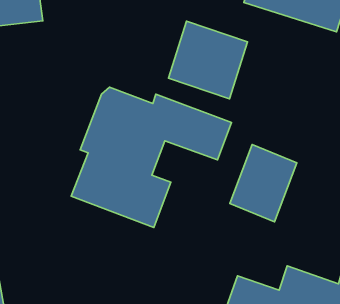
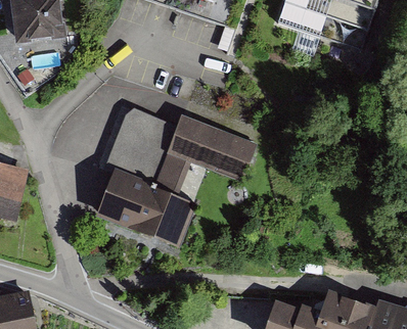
building: [168,21,248,99] -> none
building: [230,145,297,222] -> none

